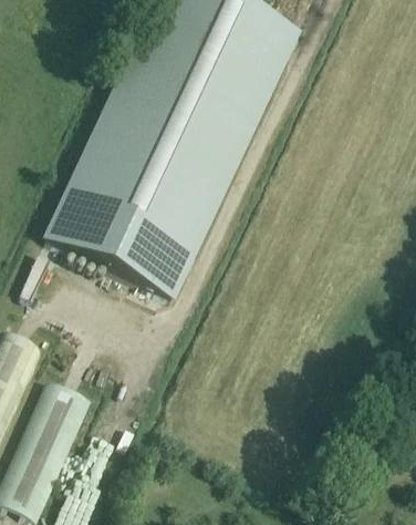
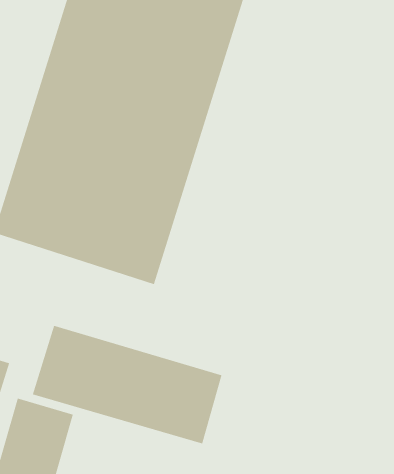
building: none -> [32,325,223,445]

